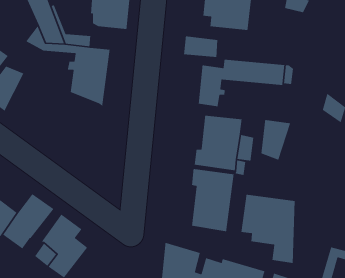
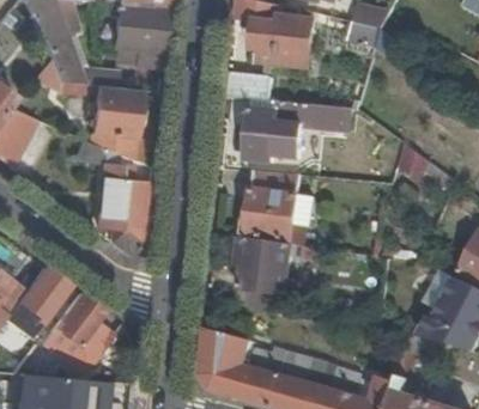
building: none -> [92,164,150,254]
building: [261,119,291,161] -> none
building: [240,194,295,264] -> none

